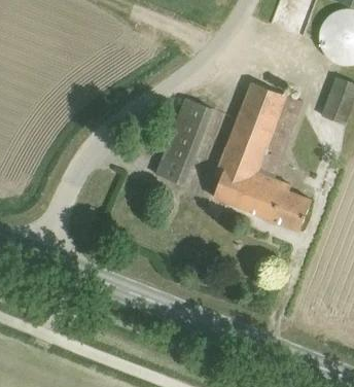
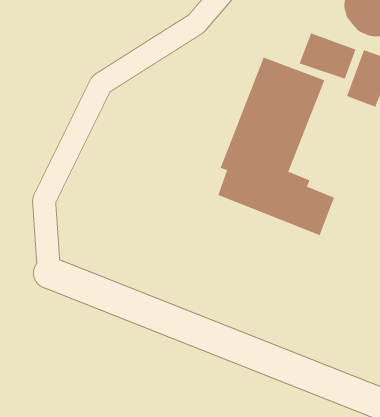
building: none -> [299,32,356,80]
building: [161,97,217,184] -> none

